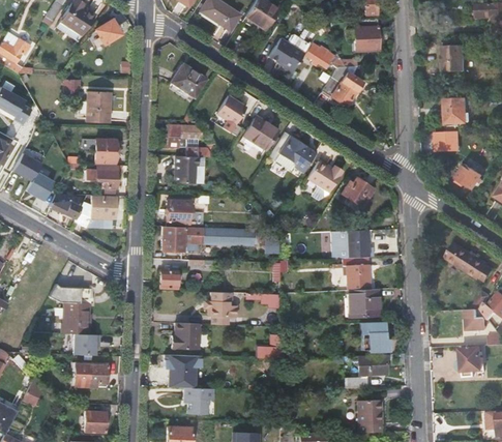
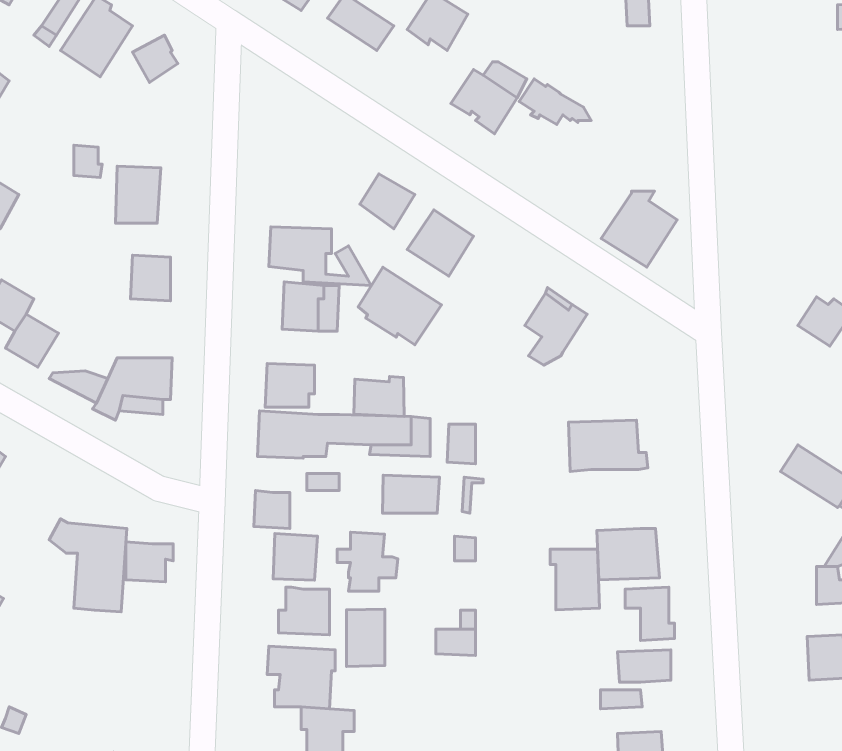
building: [354,19,378,51] -> none
building: [444,45,467,67] -> none
building: [171,62,208,97] -> none
building: [321,66,362,108] -> [601,191,677,267]
building: [446,97,469,124] -> none
building: [272,131,318,174] -> [358,267,442,345]
building: [437,131,461,150] -> none
building: [85,165,121,188] -> none
building: [342,176,376,207] -> none
building: none -> [354,376,404,416]
building: [345,257,372,290] -> [550,549,599,610]
building: none -> [382,475,440,513]
building: none -> [273,534,318,580]
building: none -> [347,609,385,666]
building: [73,333,99,355] -> [126,542,173,582]
building: [75,363,108,385] -> none

